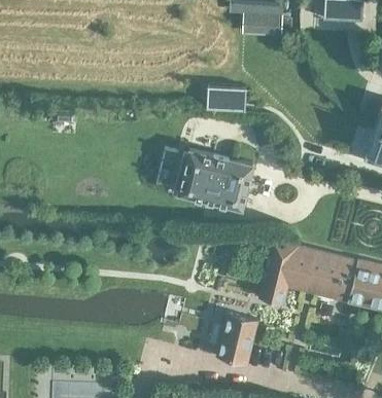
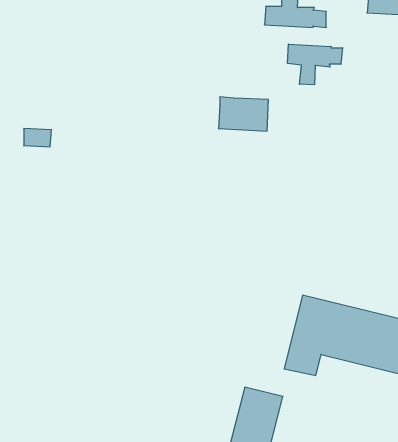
building: none -> [288,44,343,85]
building: [158,149,254,210] -> none

